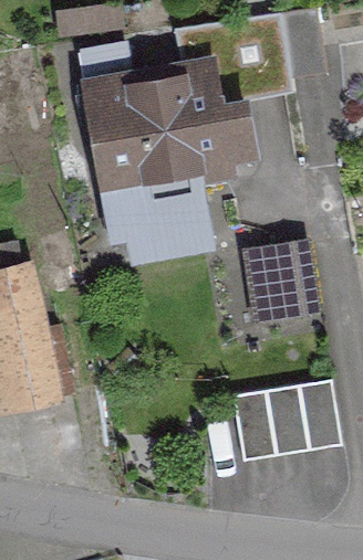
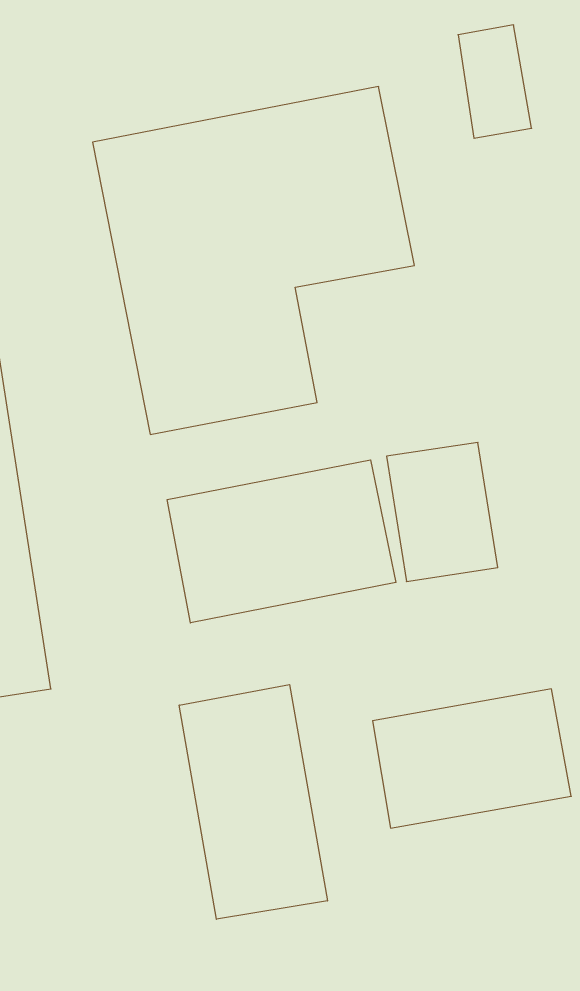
building: none -> [167,460,396,623]
building: none -> [179,685,327,919]

